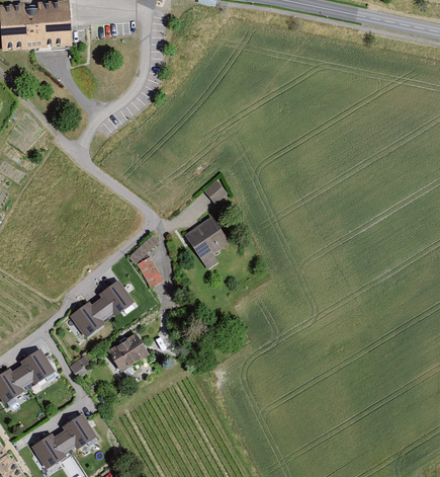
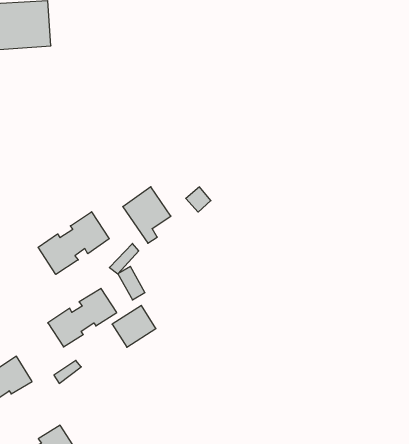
building: none -> [38,212,109,274]
building: [184,216,231,270] -> [123,187,171,243]
building: [107,336,150,377] -> [112,305,156,347]

